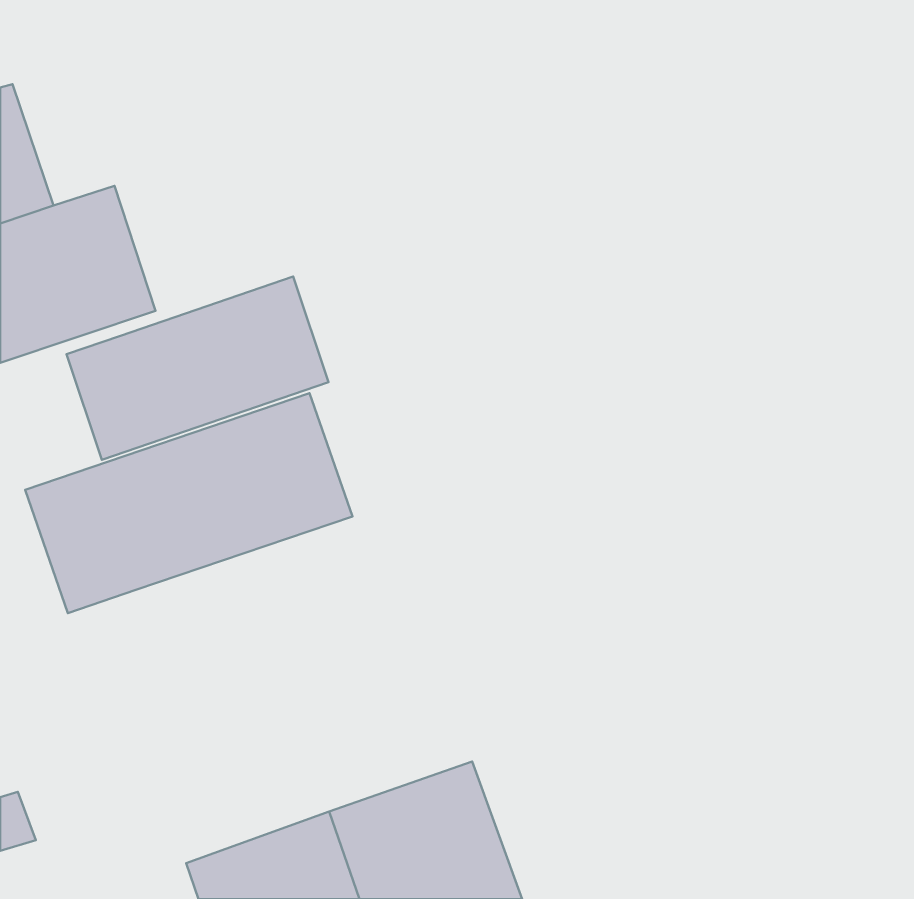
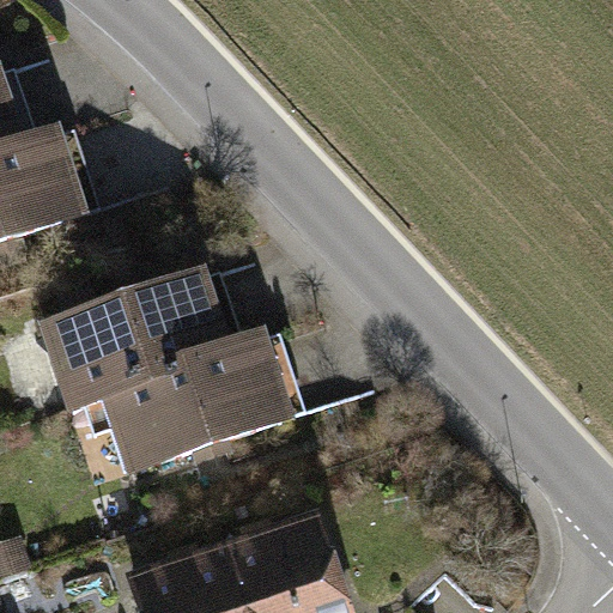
building: [66,277,329,460] -> none
building: none -> [91,332,304,478]

